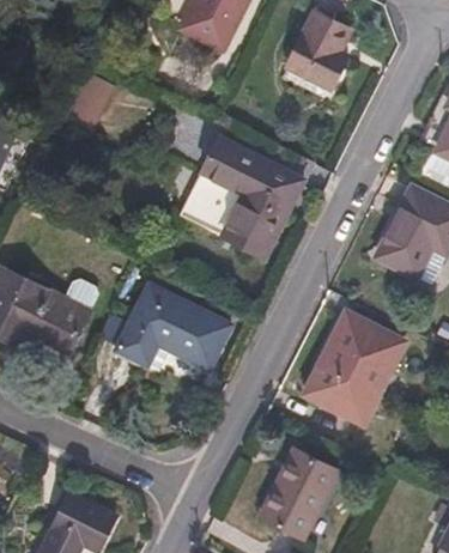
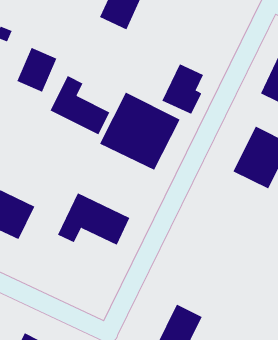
building: [287,12,350,87] -> [161,63,204,115]
building: none -> [50,75,110,135]
building: [309,316,400,419] -> none

